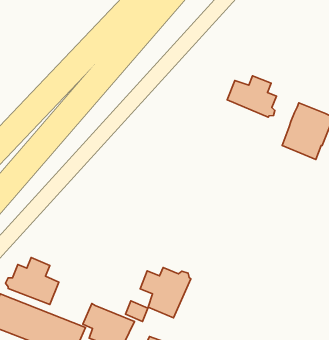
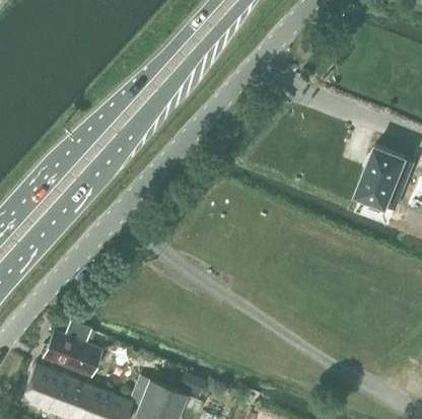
building: [227,76,276,117] -> none
building: [140,268,191,318] -> none

